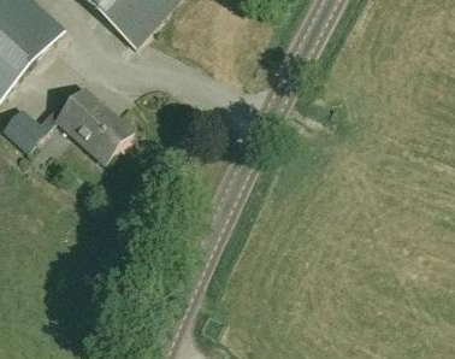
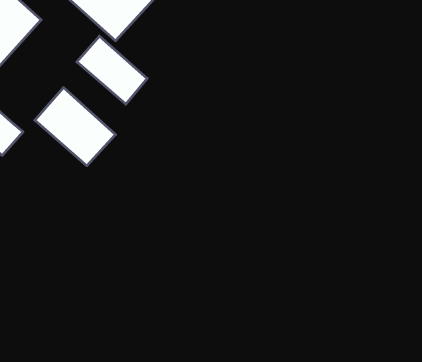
building: none -> [77,36,147,104]

